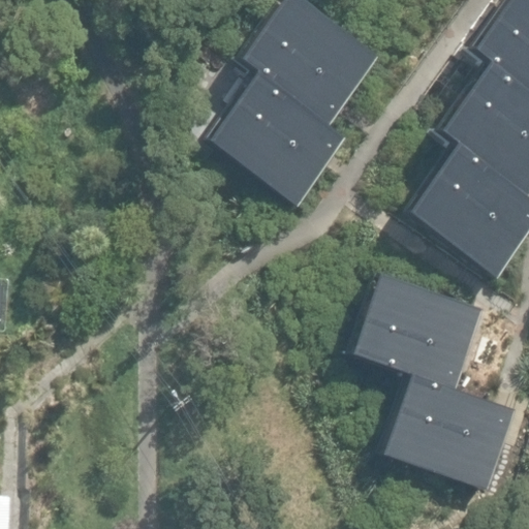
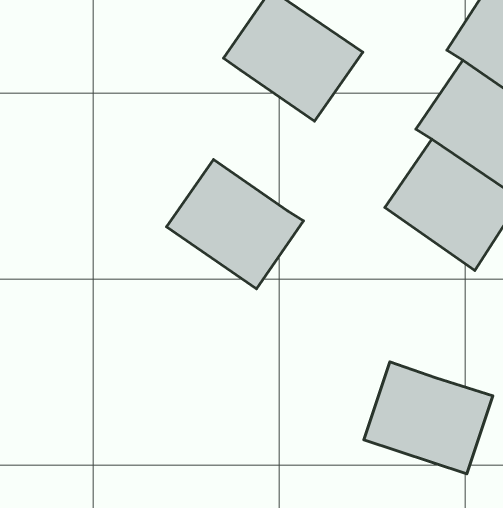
building: [209,72,350,206] -> [166,160,304,289]
building: [351,273,485,390] -> none

